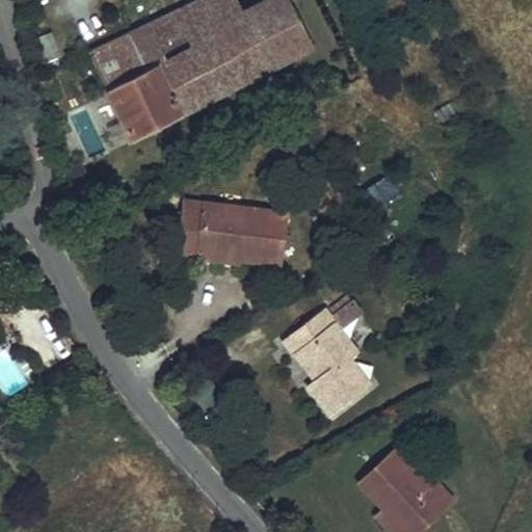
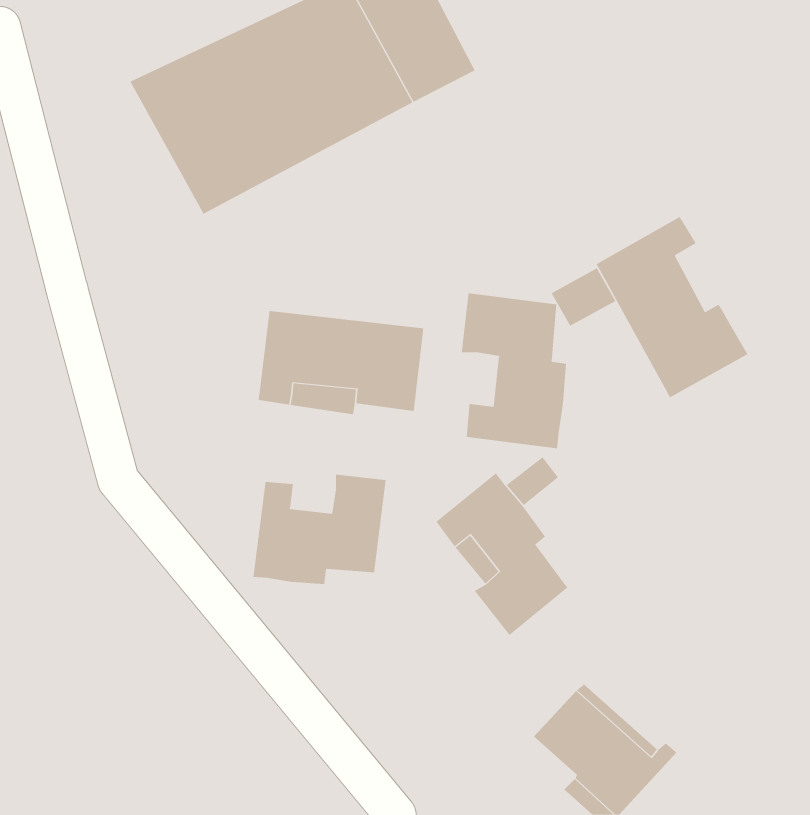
building: none -> [596,216,748,398]
building: none -> [461,292,567,449]
building: none -> [253,474,386,585]

